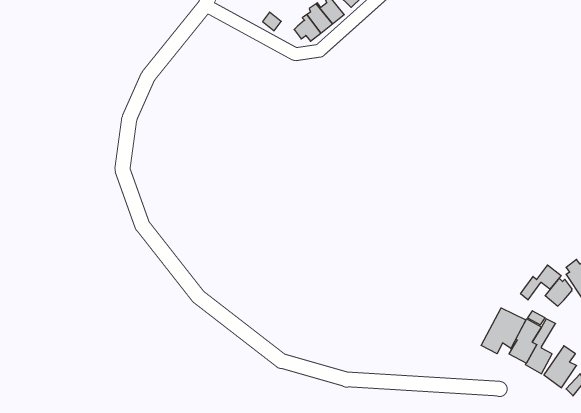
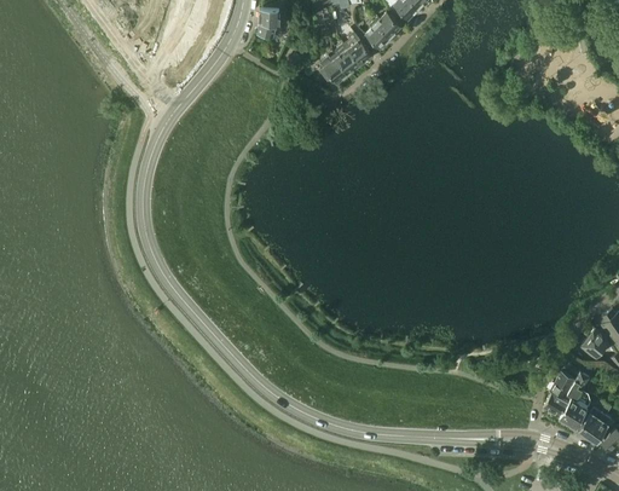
building: [521,265,561,300] -> none
building: [481,308,526,354] -> none

